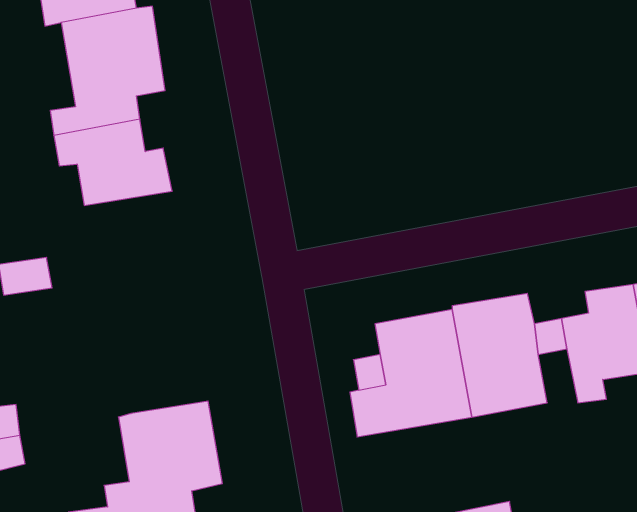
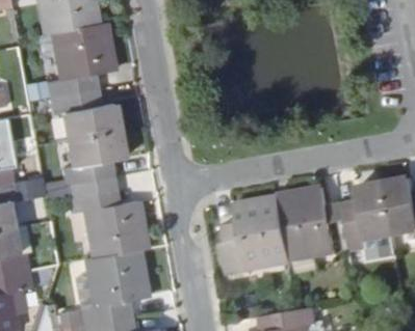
building: none -> [61,129,122,185]
building: none -> [68,190,146,257]

